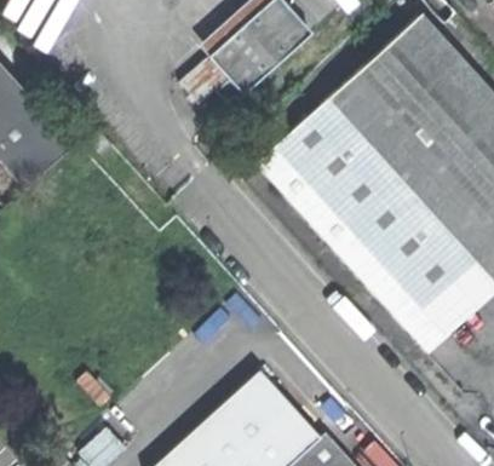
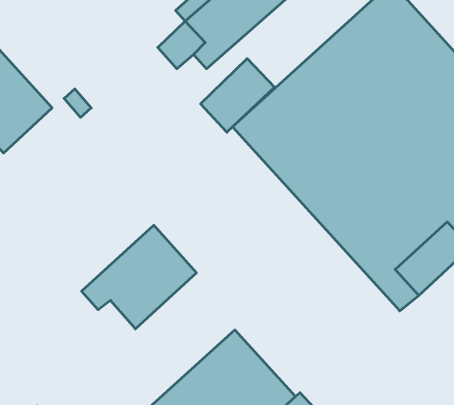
building: none -> [201,59,275,132]
building: none -> [82,225,196,329]

